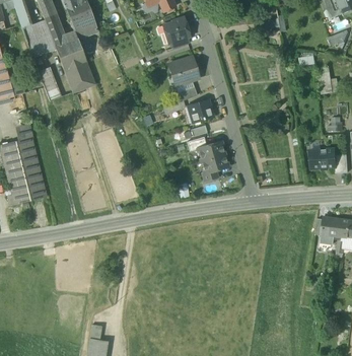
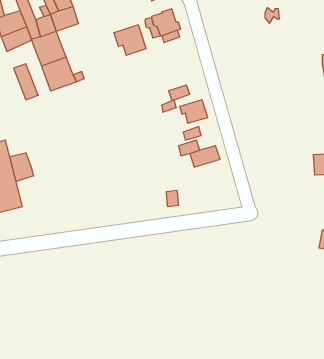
building: [169,56,199,83] -> [114,25,146,55]
building: none -> [10,153,34,182]
building: [202,153,228,181] -> none

